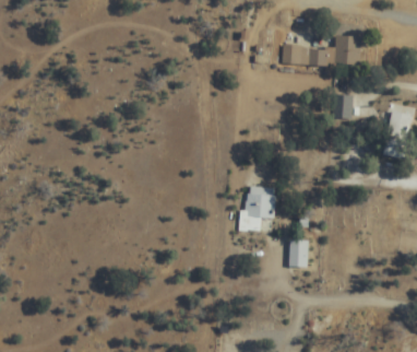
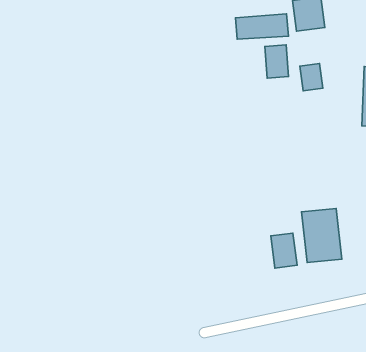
building: none -> [265,45,289,78]
building: [243,185,275,231] -> [302,208,342,263]

